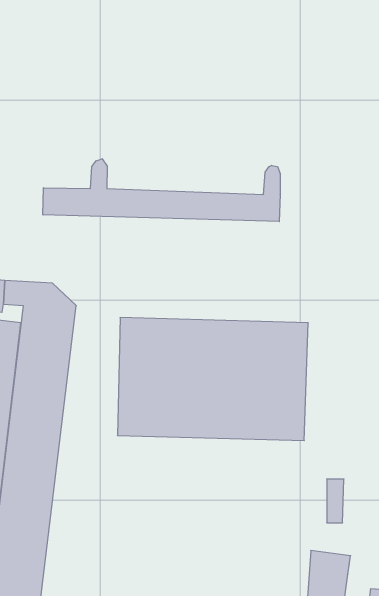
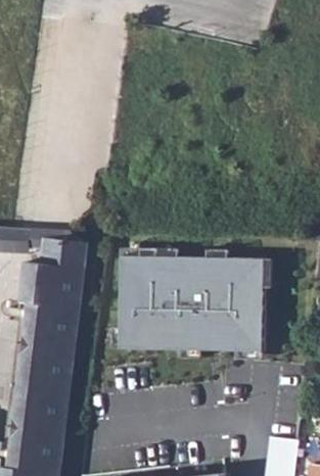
building: [43,159,280,222] -> none

